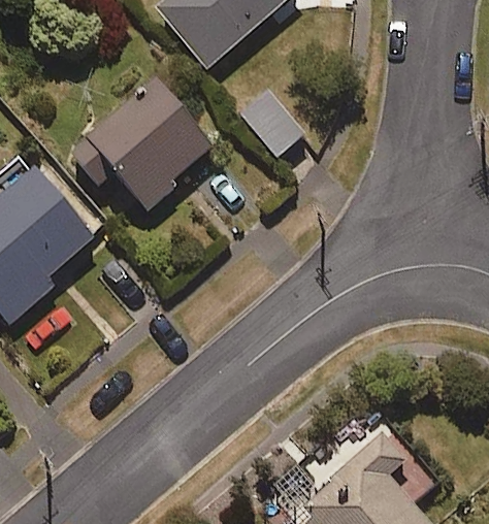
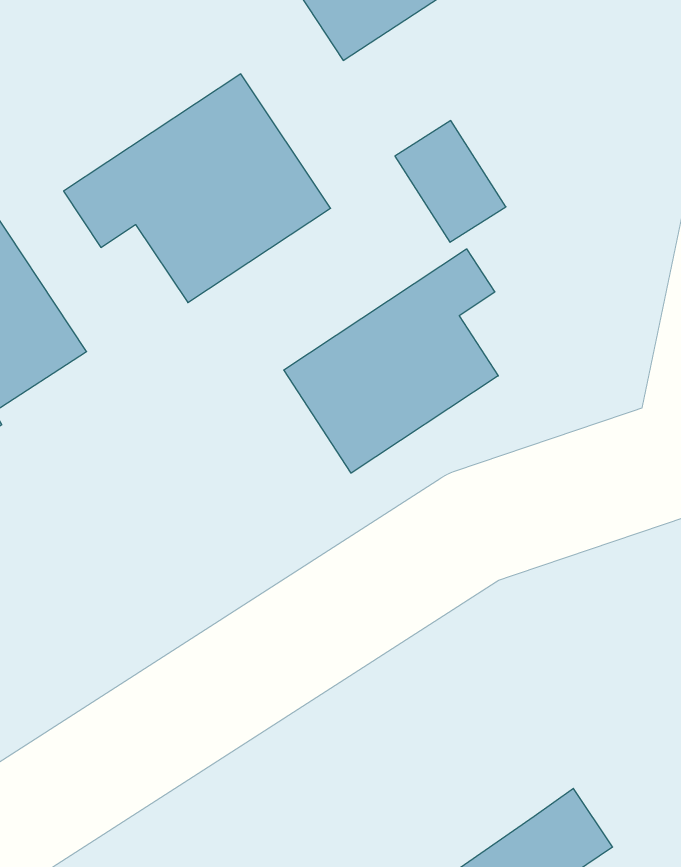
building: none -> [284,249,498,473]

